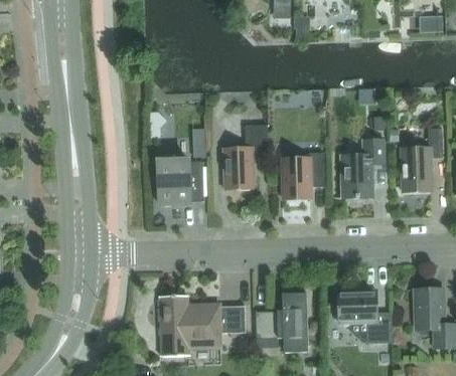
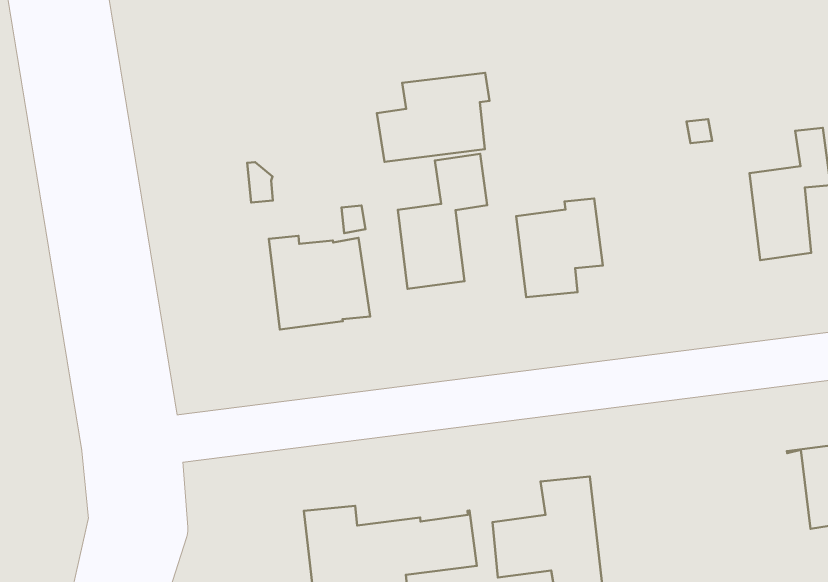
building: none -> [377,73,490,162]
building: [335,139,385,198] -> none
building: [334,291,392,343] -> none

